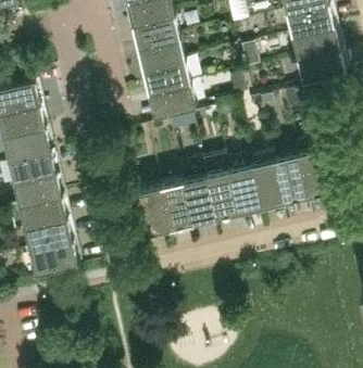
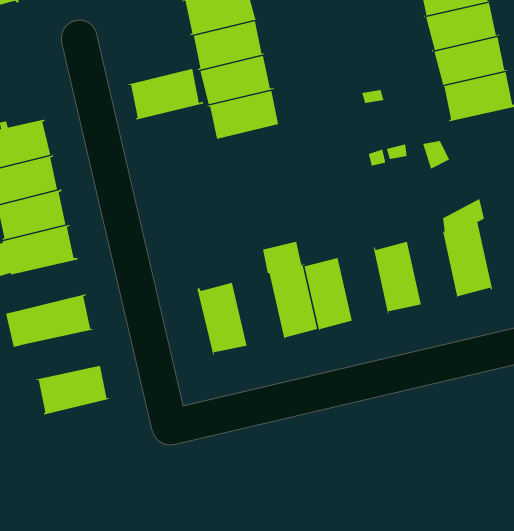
building: [147,84,198,118] -> [127,68,205,120]
building: [274,154,306,204] -> none
building: [227,156,261,215] -> none
building: [12,174,62,206] -> none
building: [159,182,192,231] -> none
building: [23,219,73,252] -> none

